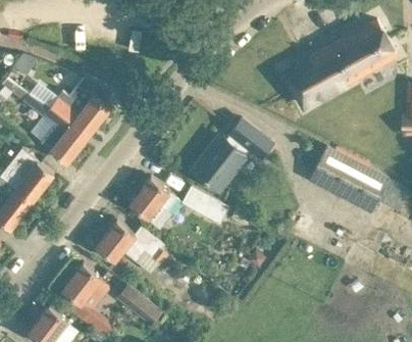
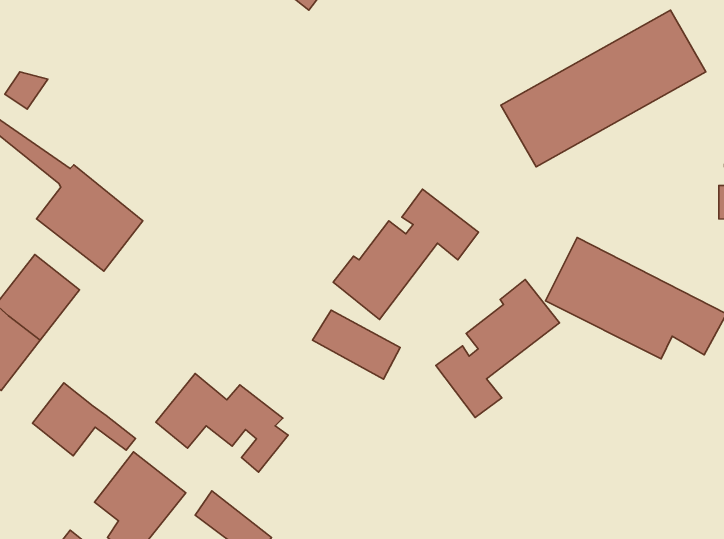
building: [51,79,112,138] -> none
building: none -> [436,280,559,418]
building: [130,179,176,230] -> none
building: none -> [32,383,136,456]

